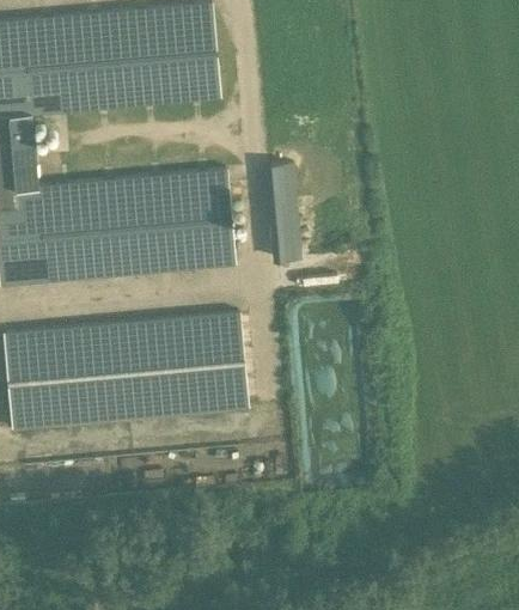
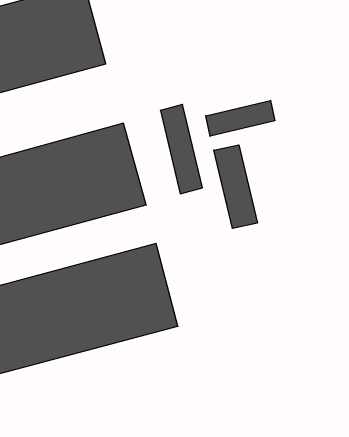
building: none -> [206,100,275,136]
building: none -> [214,145,257,228]

